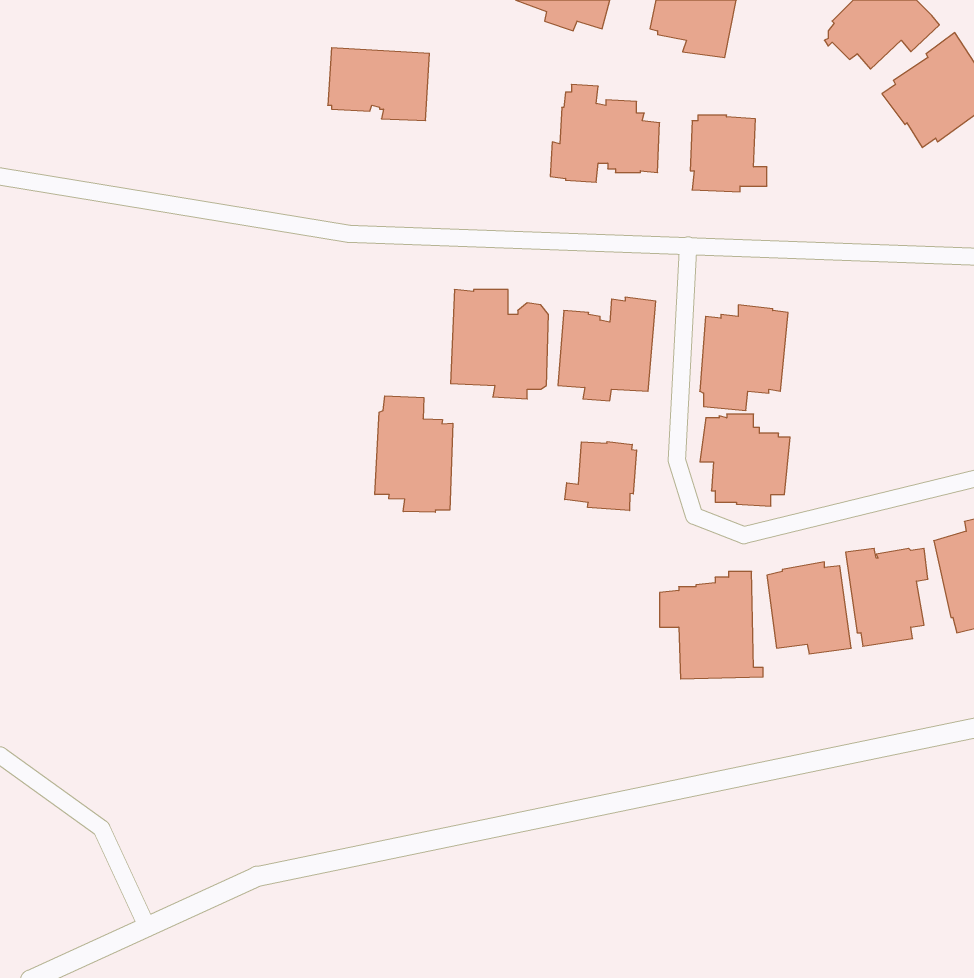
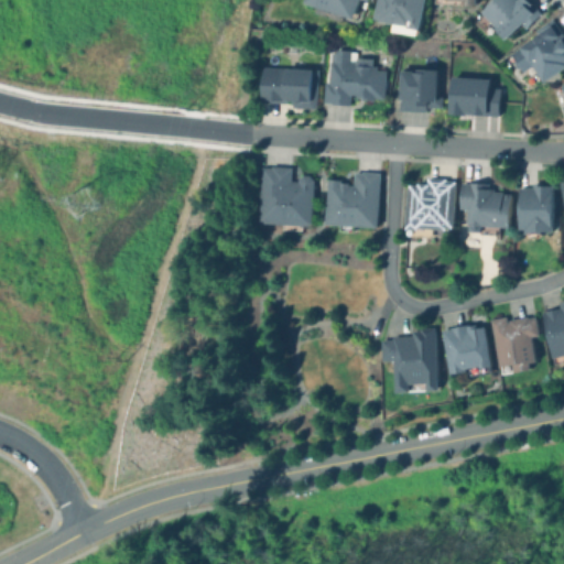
building: [328,48,429,121] -> [259,66,317,108]
building: none -> [447,76,500,116]
building: none -> [519,184,553,238]
building: [375,396,453,512] -> none
building: [700,414,790,506] -> [459,181,511,234]
building: [565,442,637,511] -> none

